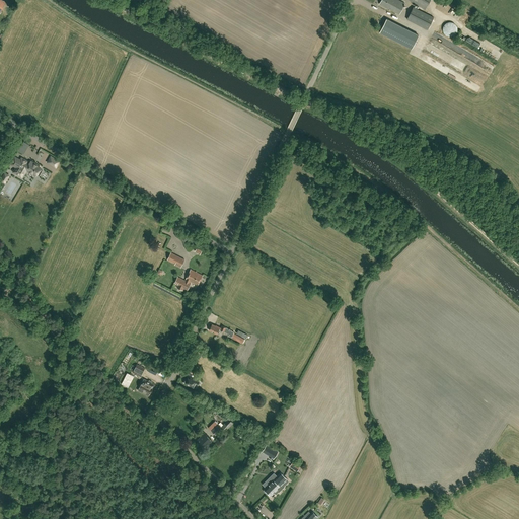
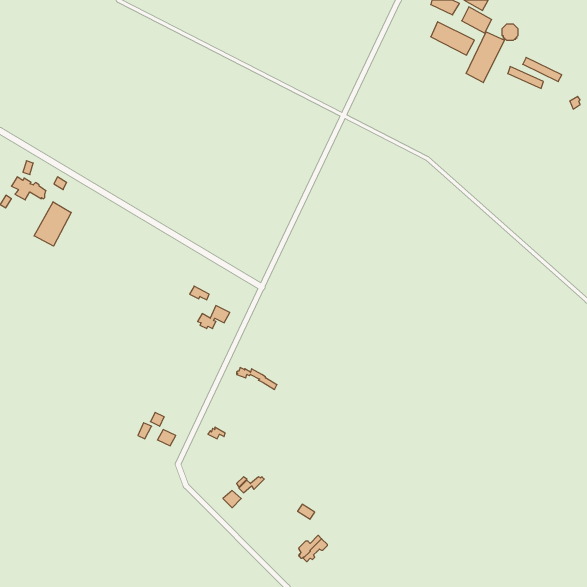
building: none -> [466,32,504,83]
building: none -> [34,202,71,246]

